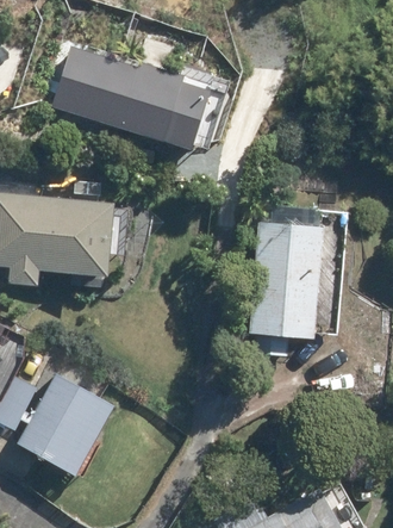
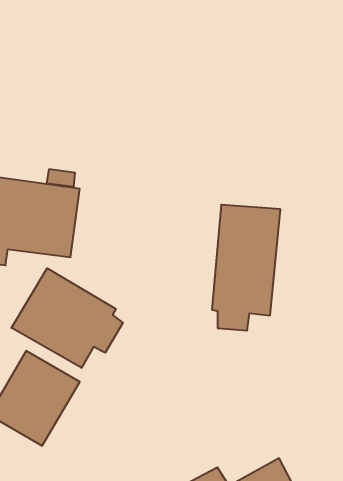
building: [55,44,205,151] -> none
building: none -> [11,268,123,368]

